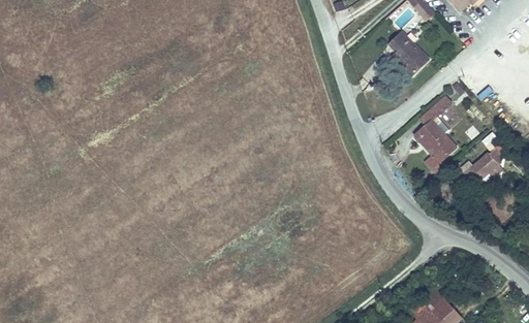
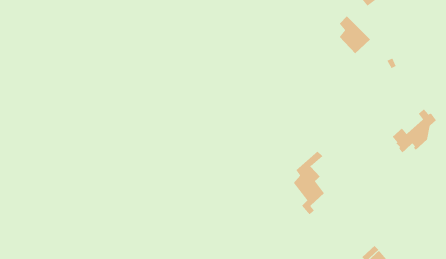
building: [417,101,454,173] -> [293,151,325,215]

